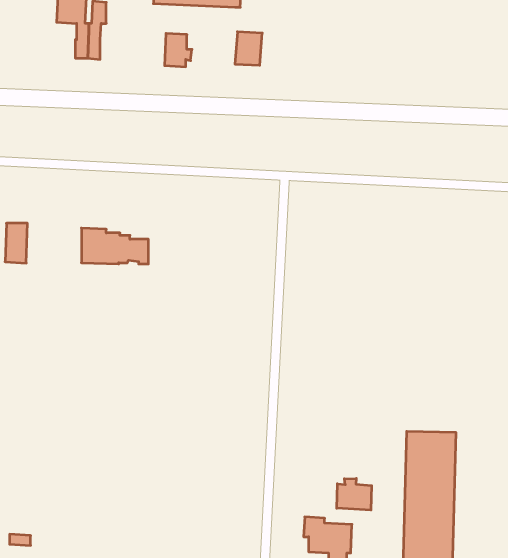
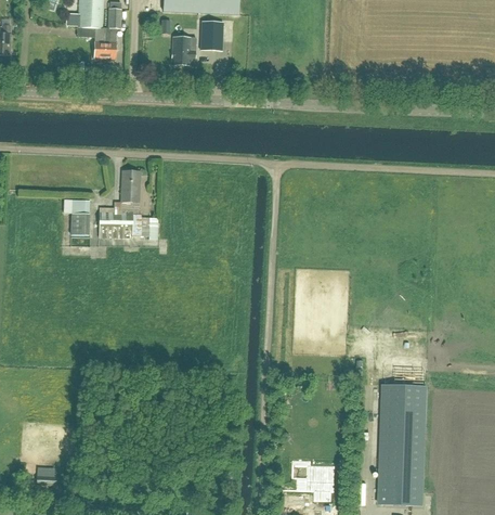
building: [235,32,262,65] -> [199,22,223,51]
building: none -> [120,170,140,202]
building: [5,223,27,263] -> [70,201,90,235]
building: [337,478,372,510] -> none

